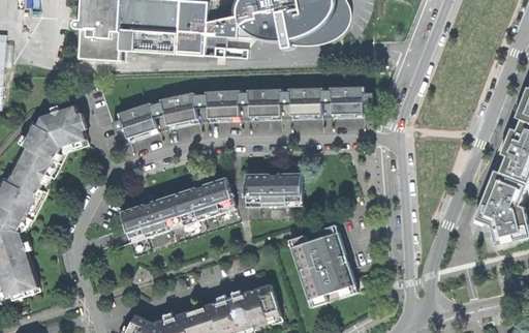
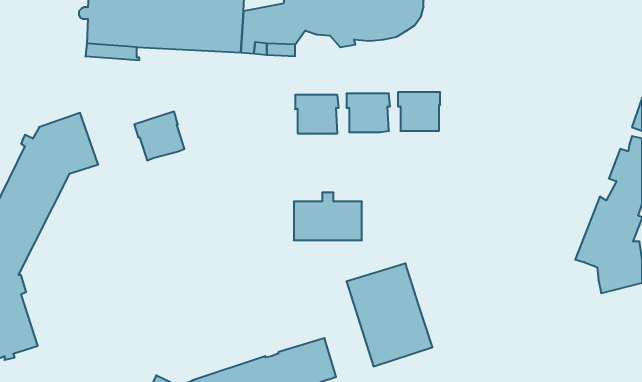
building: [205,90,239,122] -> none
building: [159,92,197,129] -> none
building: [120,179,235,242] -> none

